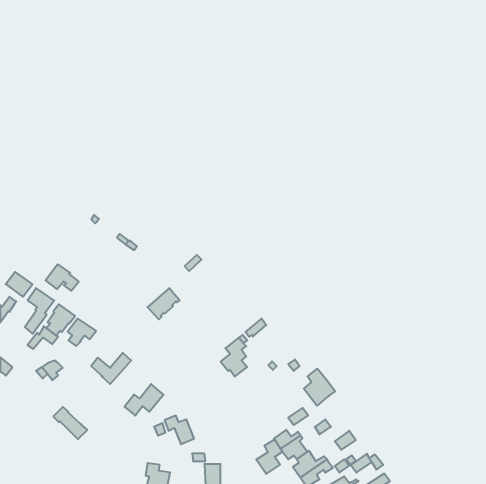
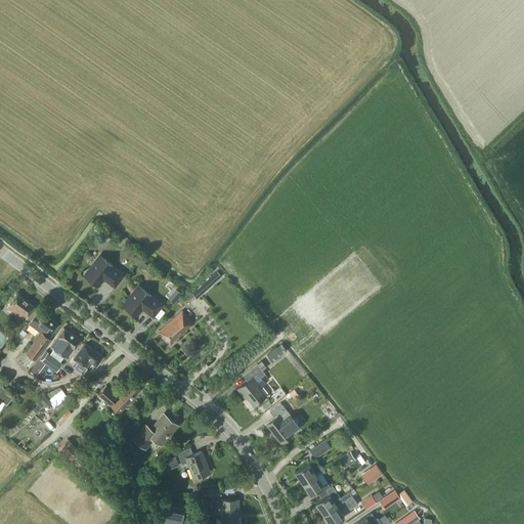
building: [45,264,79,291] -> [86,258,122,287]
building: none -> [125,288,161,316]
building: [304,369,335,406] -> [266,404,300,444]
building: [256,440,283,474] -> none

